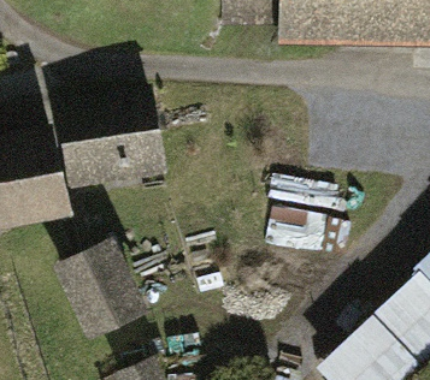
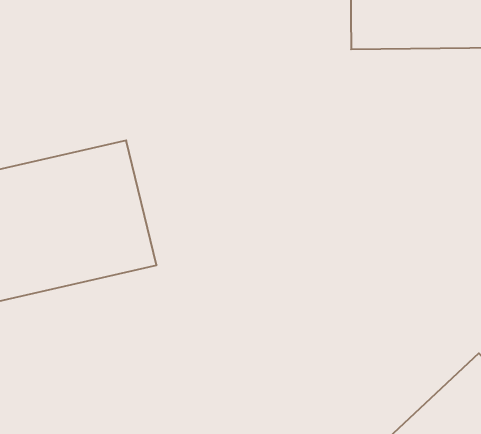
building: [53,226,148,333] -> none

